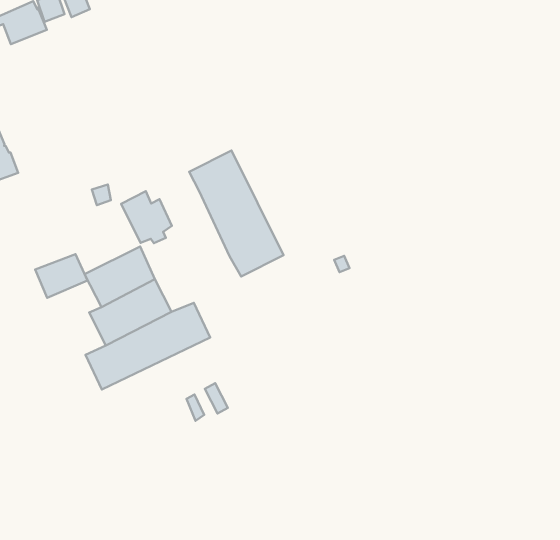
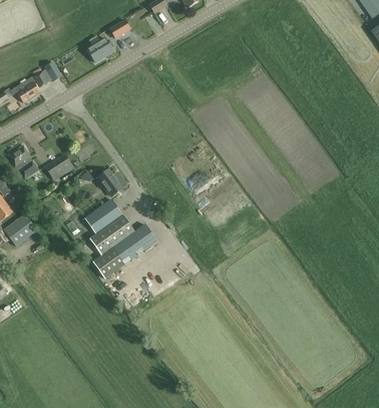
building: [189,150,283,276] -> none
building: [35,254,88,298] -> [45,154,74,180]

